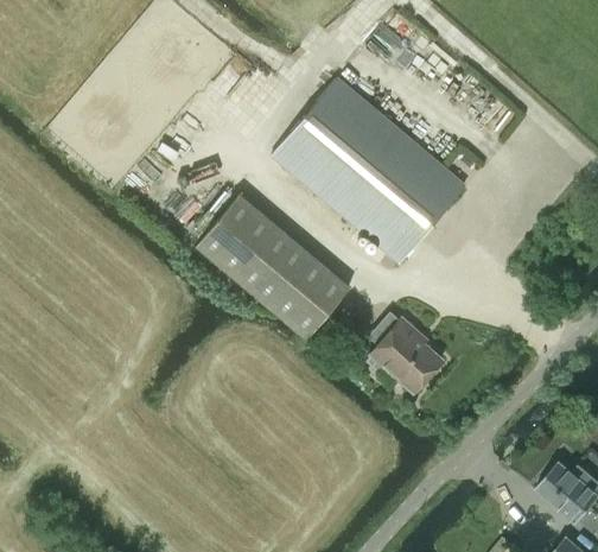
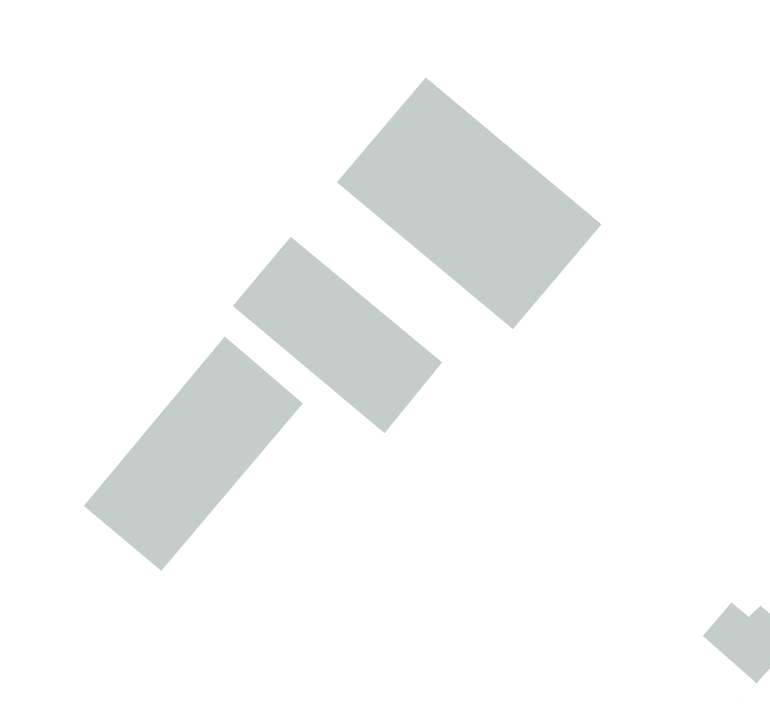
building: none -> [83,336,304,572]
building: [368,311,443,393] -> none

